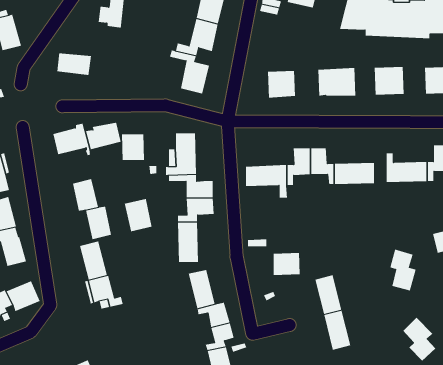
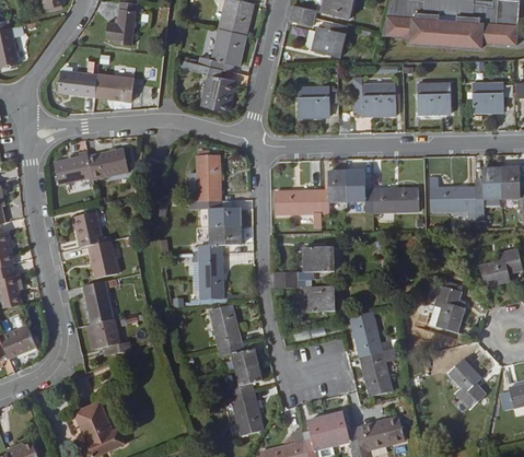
building: none -> [311,22,347,57]
building: none -> [101,69,140,96]
building: [121,133,145,161] -> none
building: [124,198,152,232] -> none
building: none -> [303,248,334,272]

